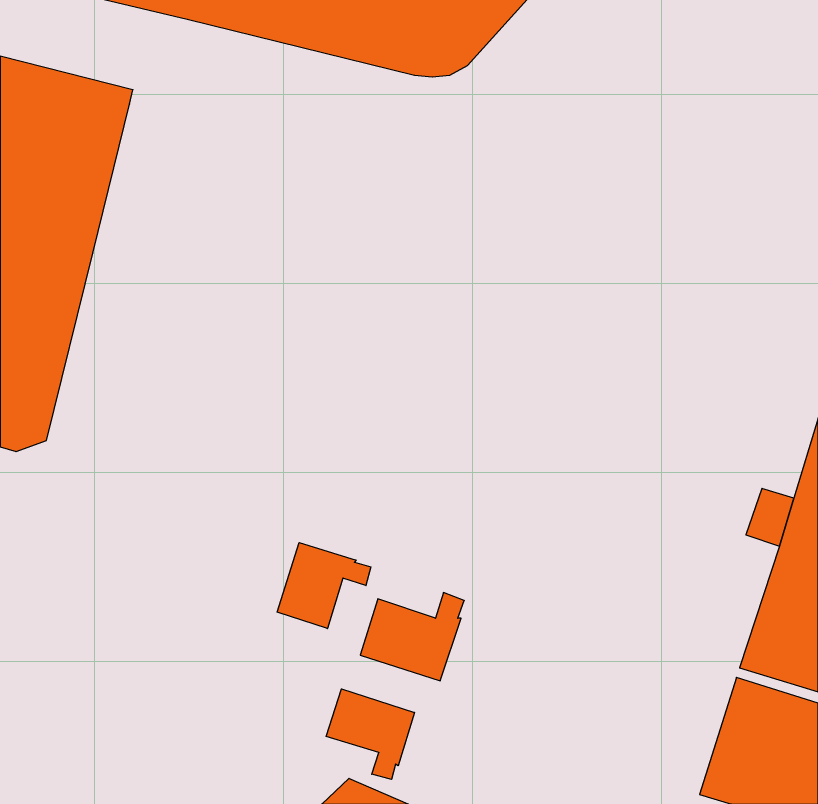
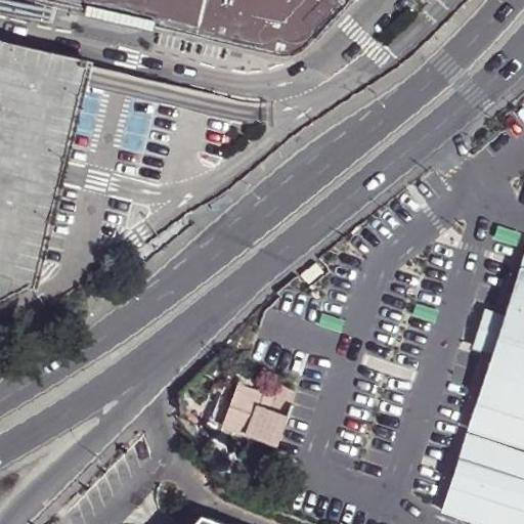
building: [277,543,371,629] -> none
building: [326,689,414,779] -> none

